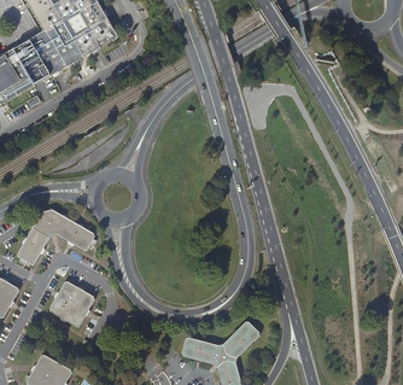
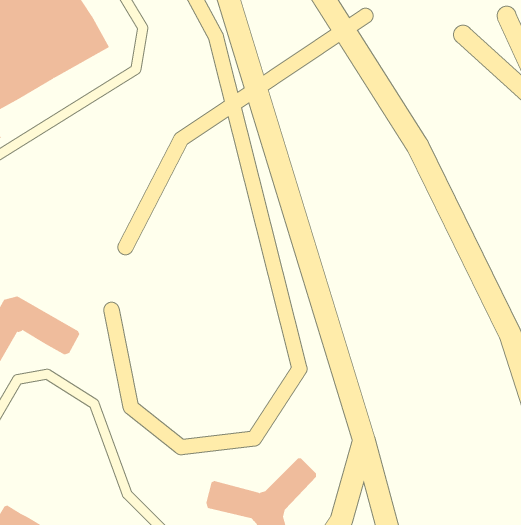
building: [48,281,94,326] -> none

